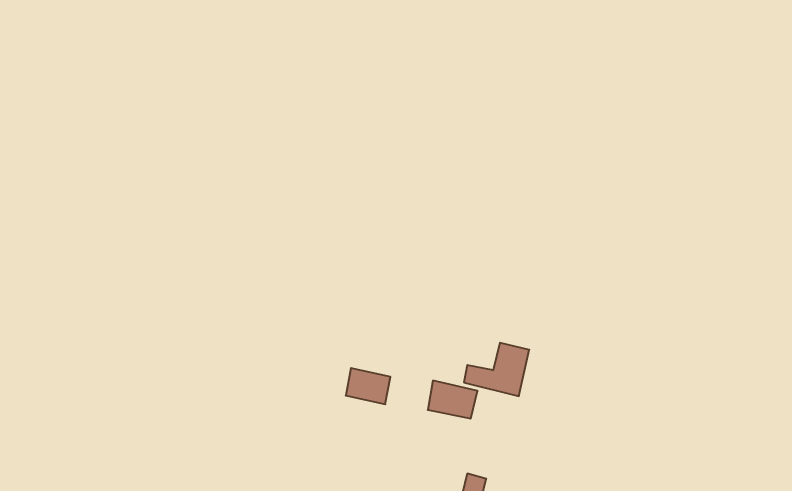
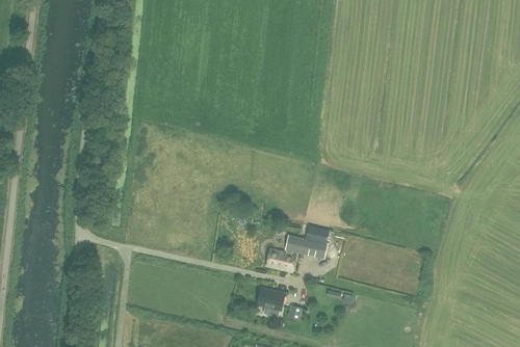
building: [346,368,390,404] -> [256,287,283,309]

